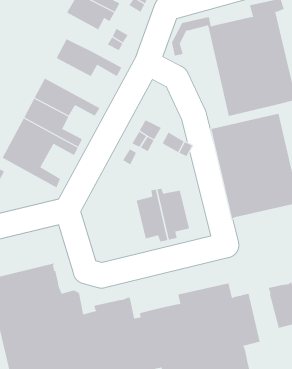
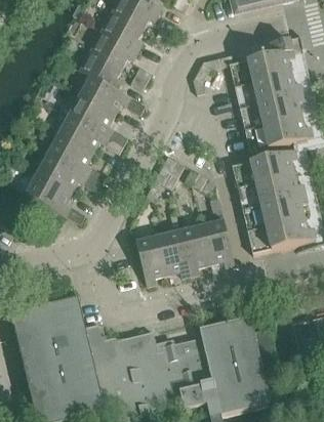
building: none -> [79,49,121,88]
building: none -> [68,94,127,143]
building: none -> [202,213,234,265]
building: none -> [134,231,167,284]

